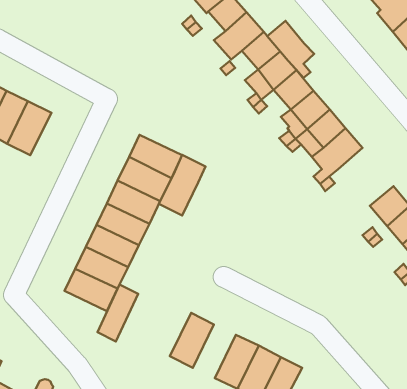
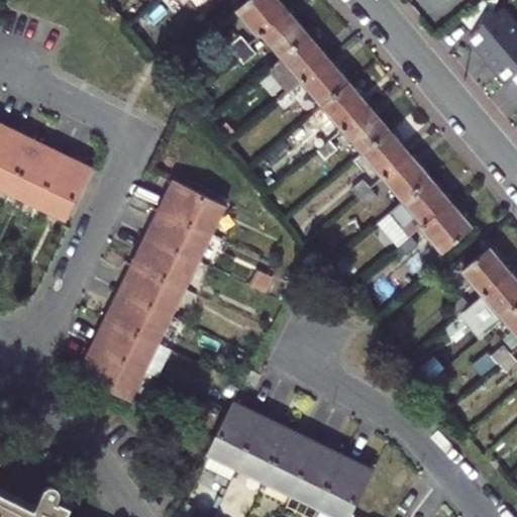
building: [267,21,314,78] -> none
building: none -> [37,156,91,221]
building: none -> [418,199,471,251]
building: [159,155,206,216] -> none
building: [97,285,138,341] -> none
building: none -> [238,417,292,484]

